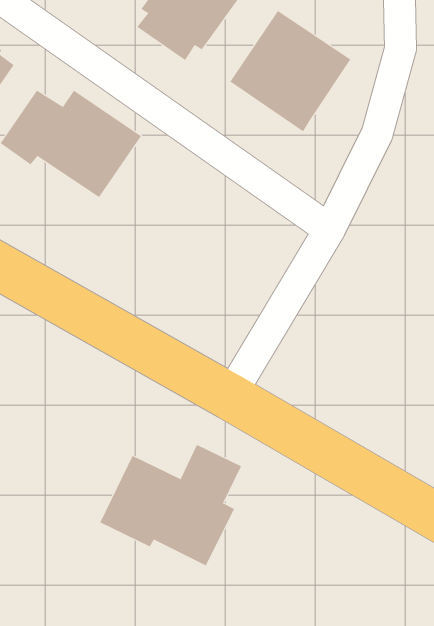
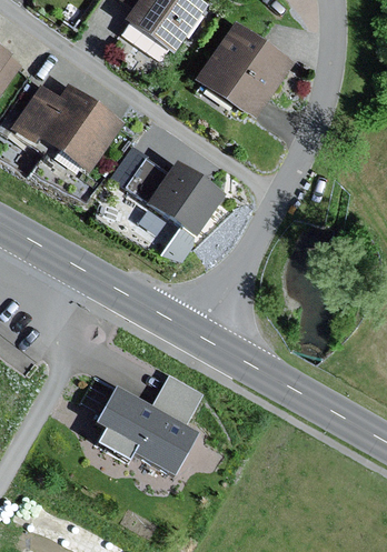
building: none -> [110,151,227,239]

